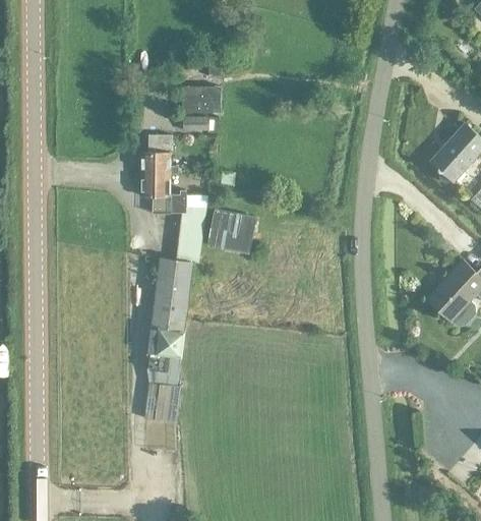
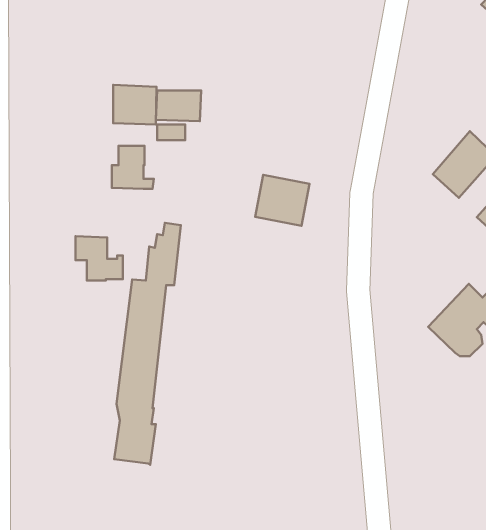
building: none -> [113,85,157,124]
building: [142,173,185,213] -> [75,236,123,280]
building: [207,208,256,253] -> [255,175,309,226]

